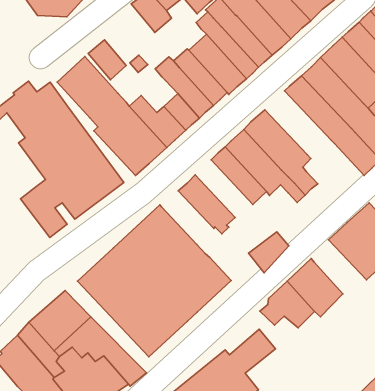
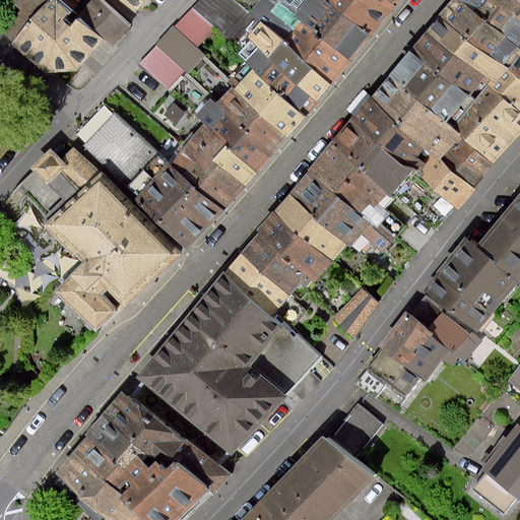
building: [88,40,126,80] -> [139,44,186,89]
building: none -> [183,124,225,167]
building: none -> [330,121,413,196]
building: none -> [259,213,331,278]
building: none -> [224,255,305,328]
building: none -> [412,301,479,360]

